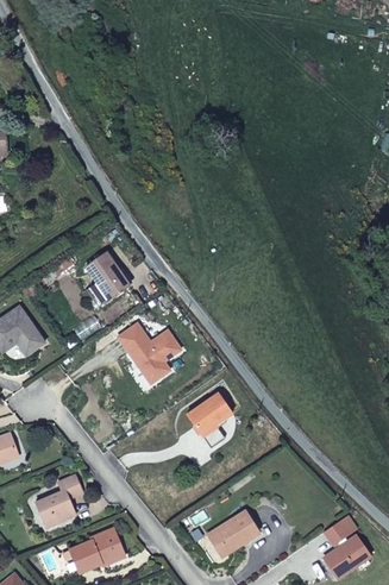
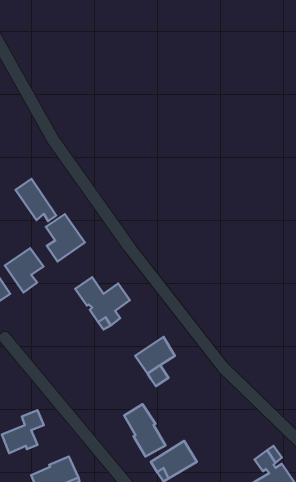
building: none -> [16,179,56,221]
building: none -> [5,248,43,292]
building: none -> [124,404,166,457]

